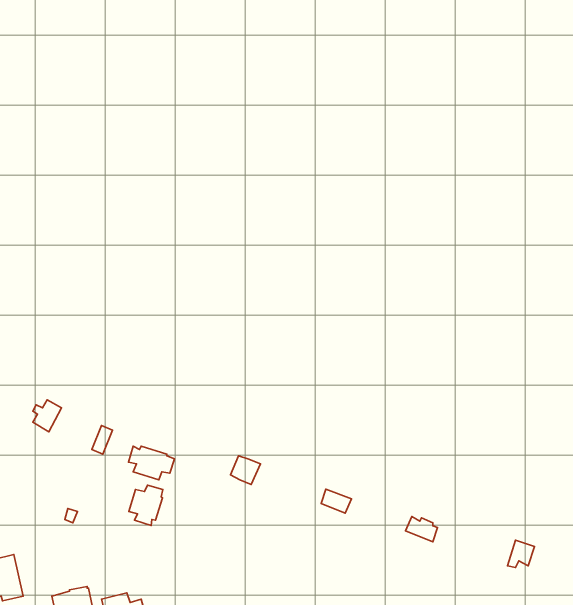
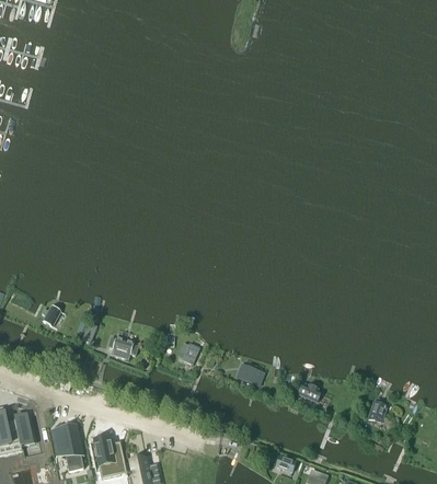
building: [129,485,163,526] -> none

